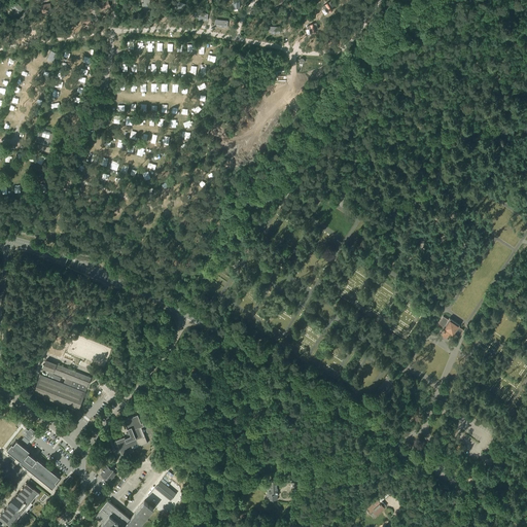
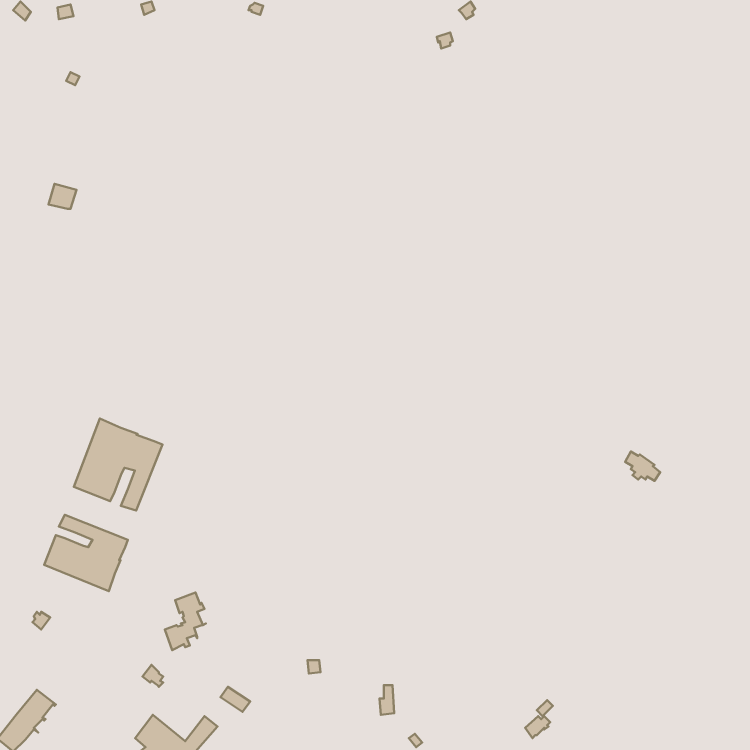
building: none -> [74,418,162,511]
building: [6,442,59,490] -> none

